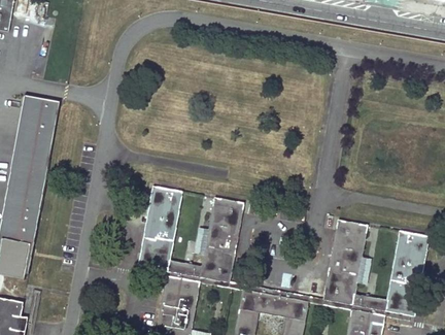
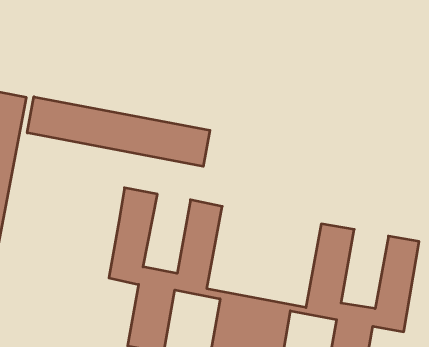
building: none -> [27,97,210,166]

